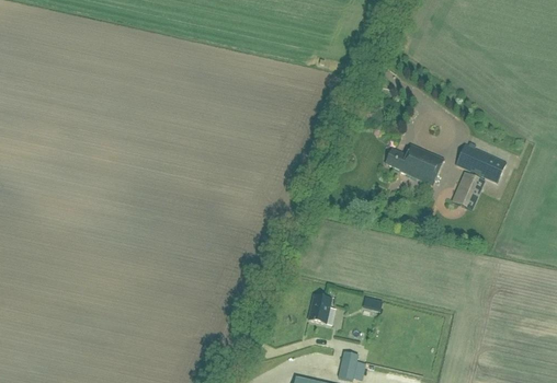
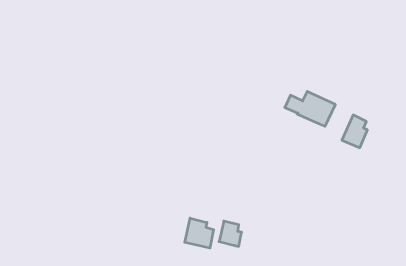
building: [456,141,505,182] -> none
building: none -> [185,218,214,248]

